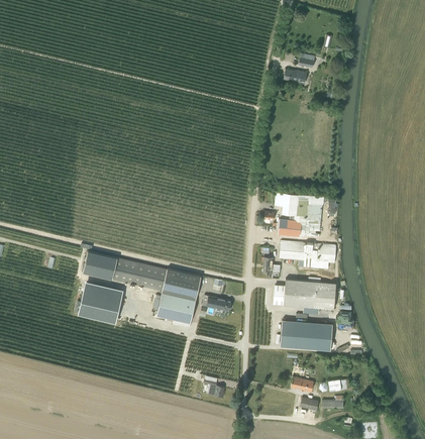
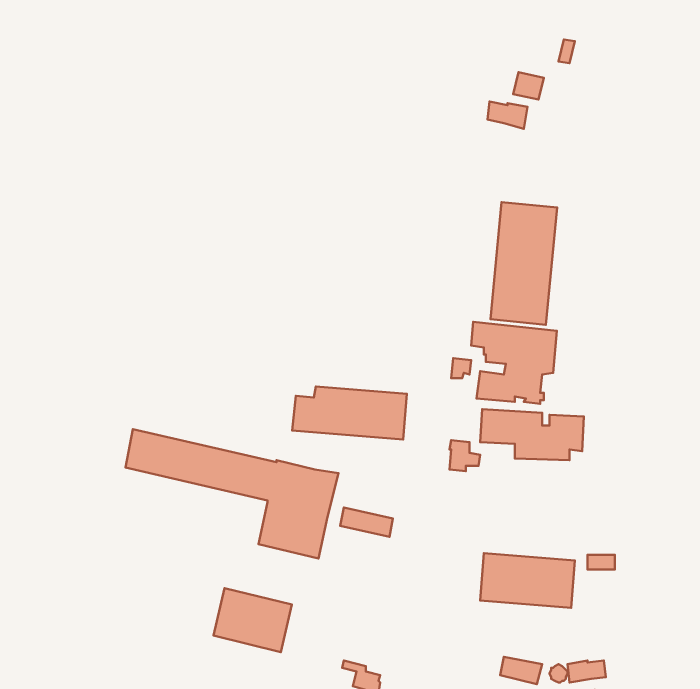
building: none -> [491,202,557,325]
building: [273,280,336,309] -> [292,387,407,439]
building: [78,288,121,323] -> [213,588,292,652]

